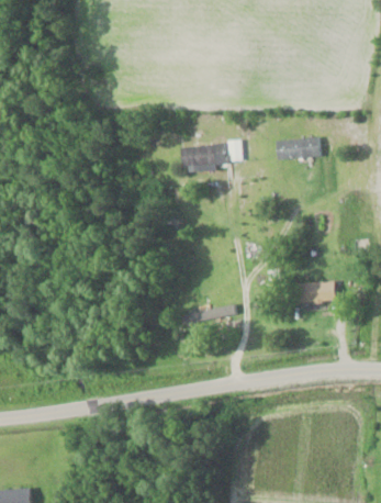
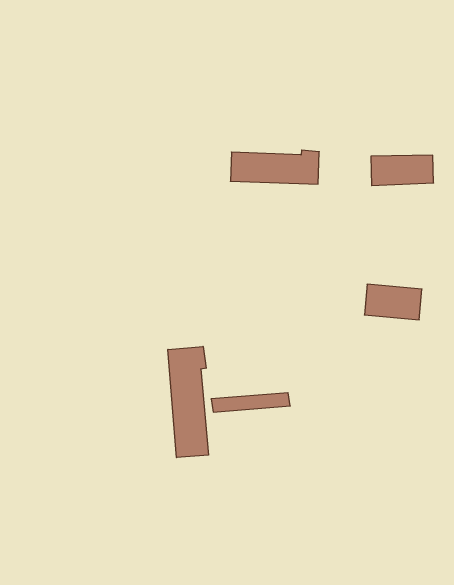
building: none -> [168,346,208,458]
building: [298,281,335,302] -> [364,284,422,320]

